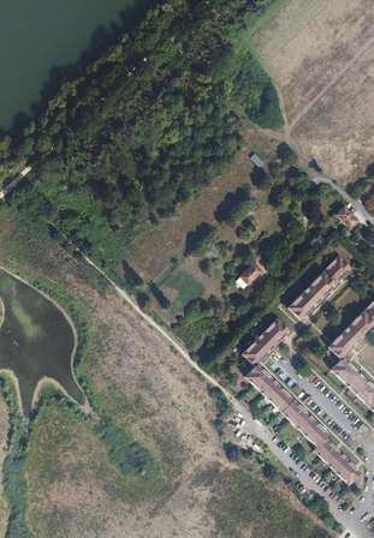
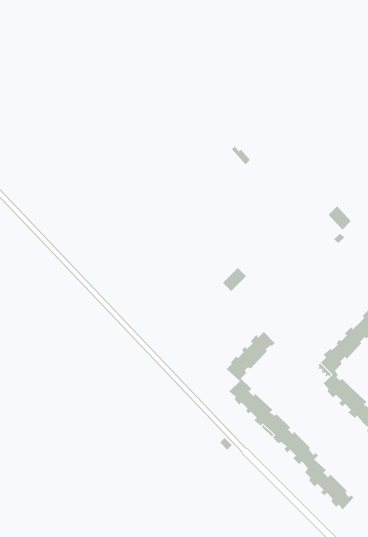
building: [287,256,351,319] -> none

